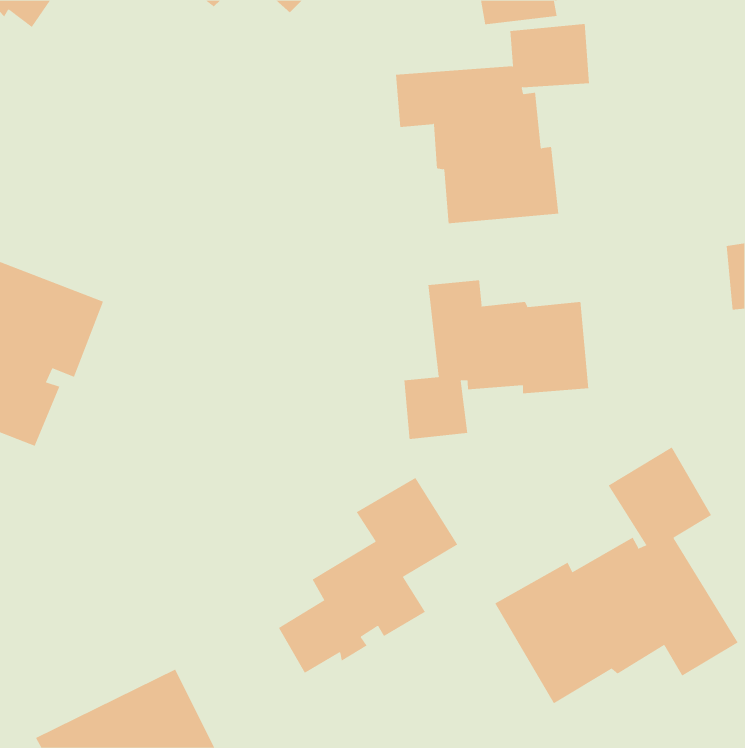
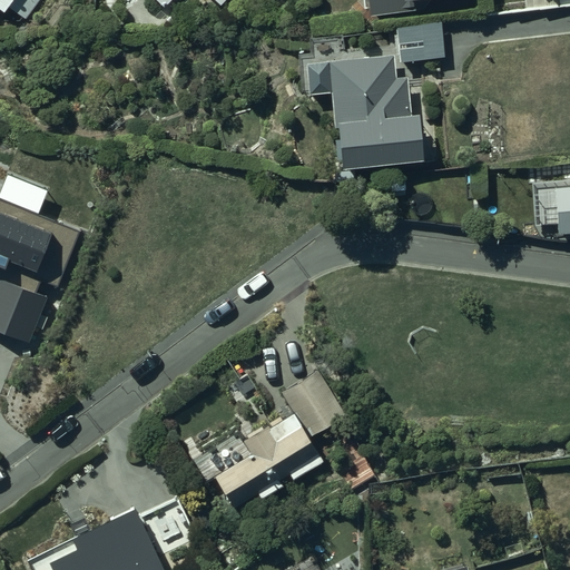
building: [404,279,589,440] -> none
building: [495,446,739,704] -> none

